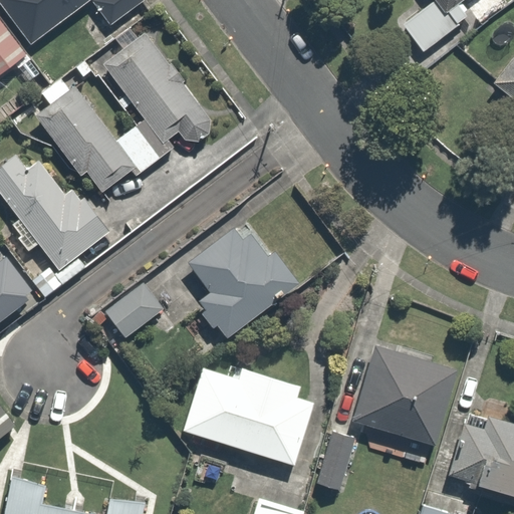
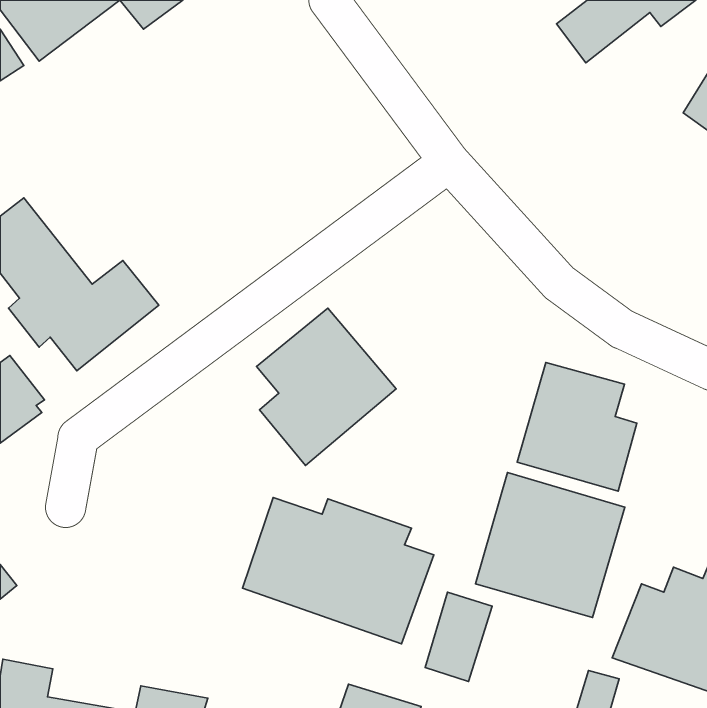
building: [101,30,213,143] -> none
building: [38,73,160,194] -> none
building: none -> [517,363,637,491]
building: [103,286,162,340] -> none

